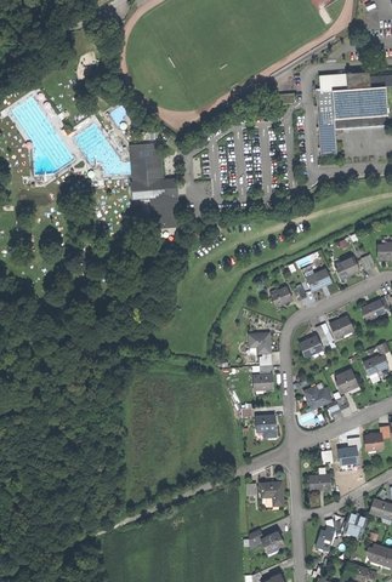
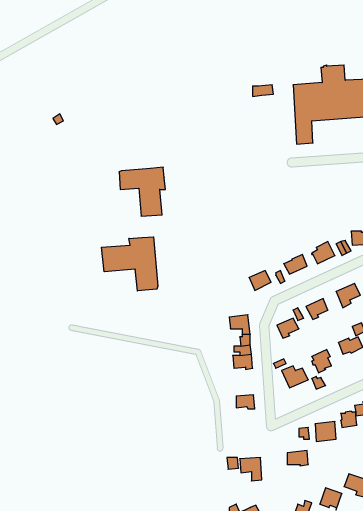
building: [132,144,166,182] -> none
building: none -> [102,237,158,291]

